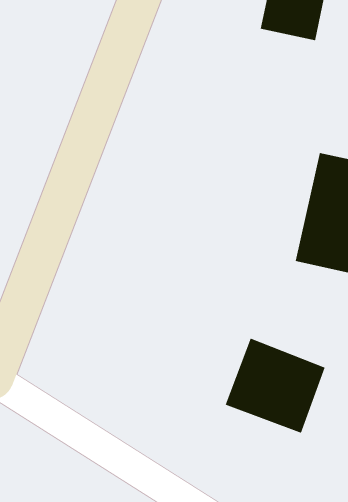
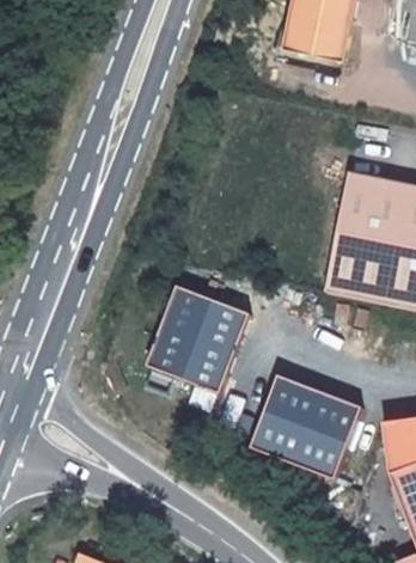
building: none -> [146,282,247,388]

